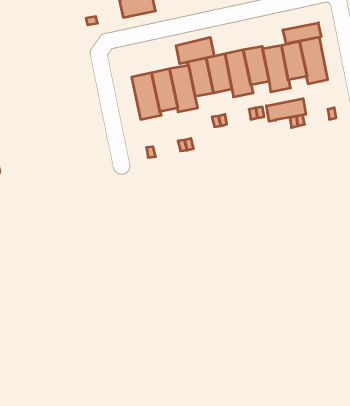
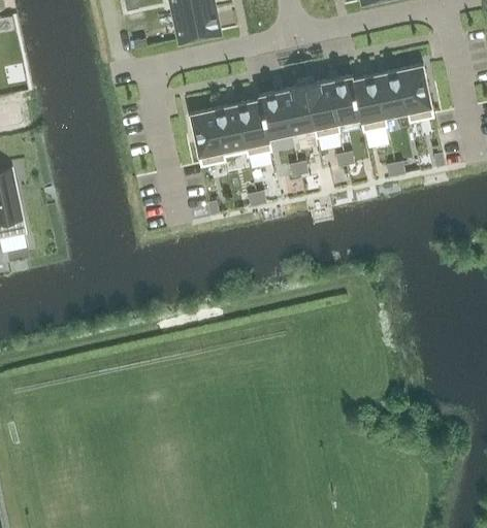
building: [283,23,321,44] -> none
building: [176,37,214,64] -> none
building: [266,99,306,121] -> none

